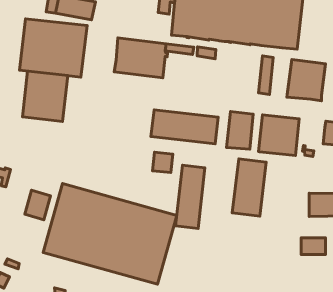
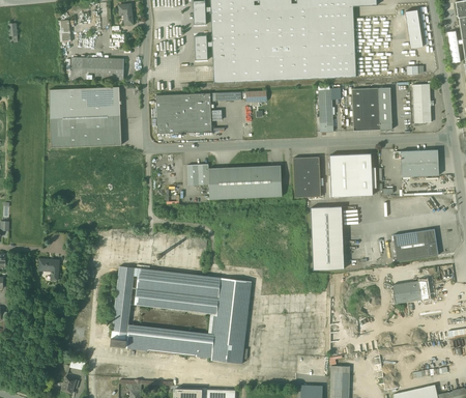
building: [22,71,68,121] -> none
building: [152,152,173,173] -> [187,163,209,184]
building: [176,165,205,228] -> none
building: [25,190,50,220] -> none

